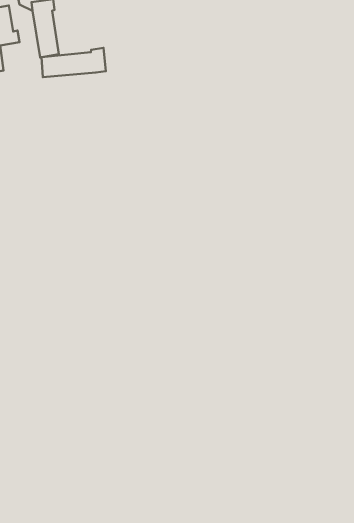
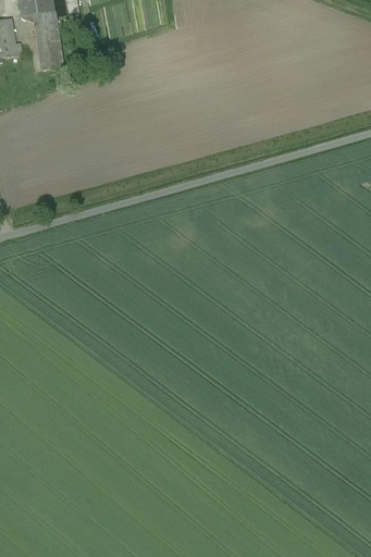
building: [41,48,106,77] -> none

